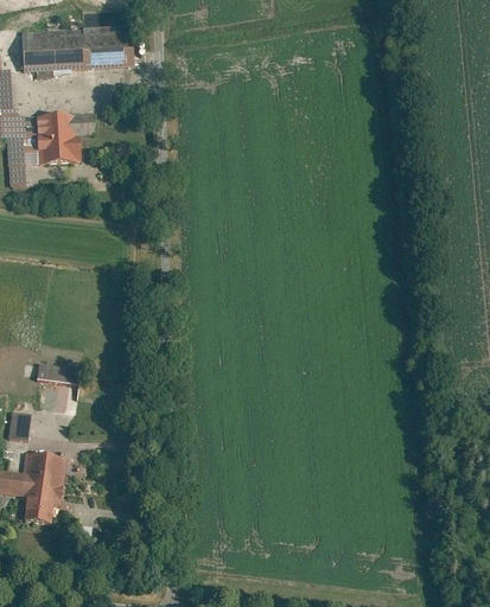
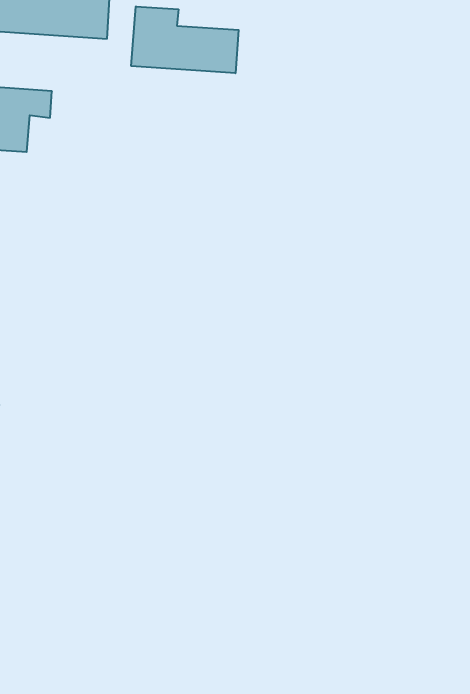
building: none -> [131,6,239,73]

